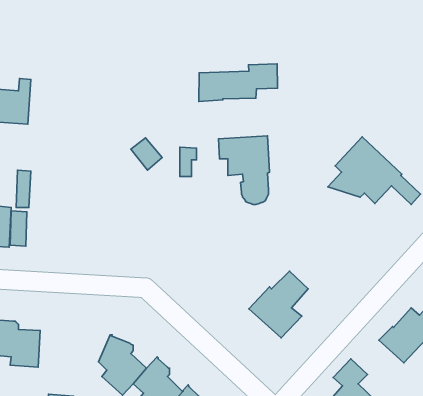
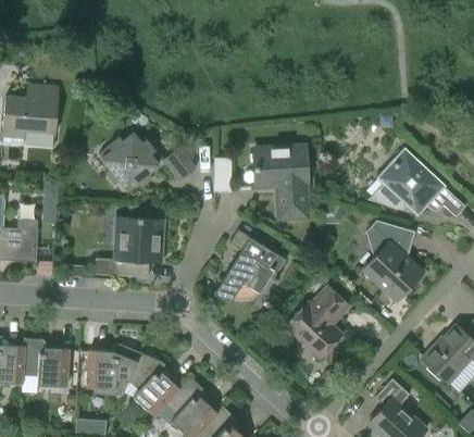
building: [199,64,278,101] -> none
building: none -> [102,133,159,190]
building: none -> [95,216,164,276]
building: none -> [363,220,423,301]
building: none -> [214,229,286,303]
building: none -> [87,344,141,389]

